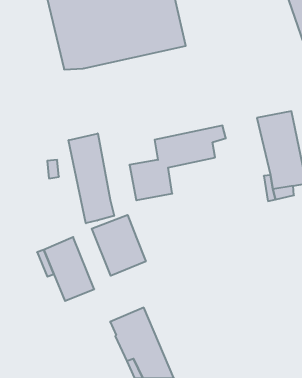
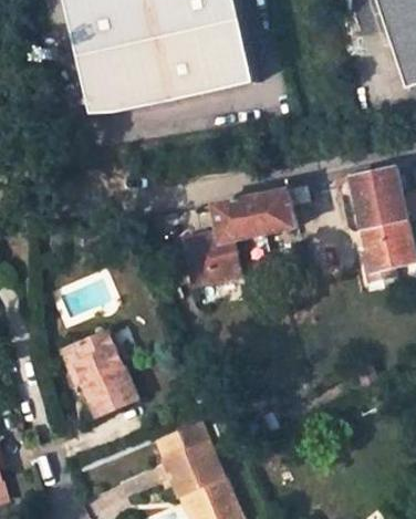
building: [69,133,114,223] -> none
building: [92,215,146,276] -> none

